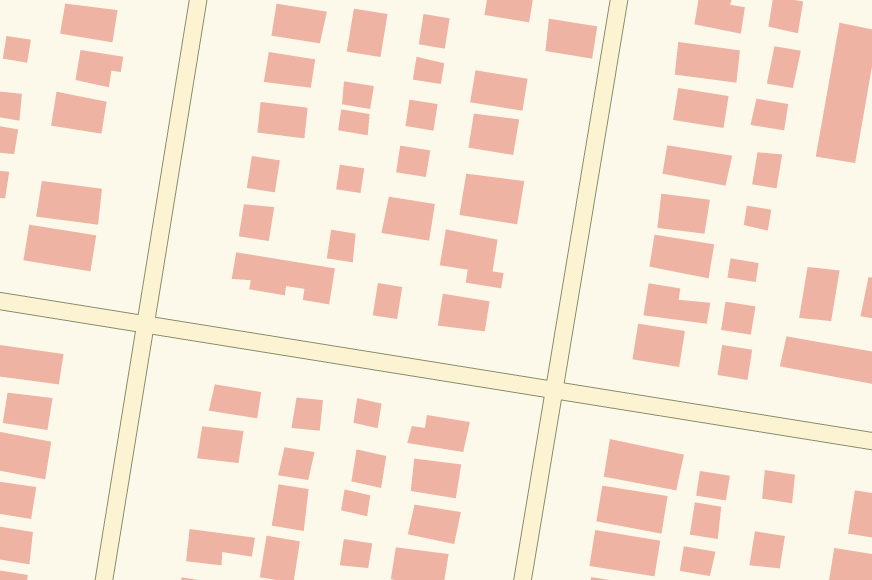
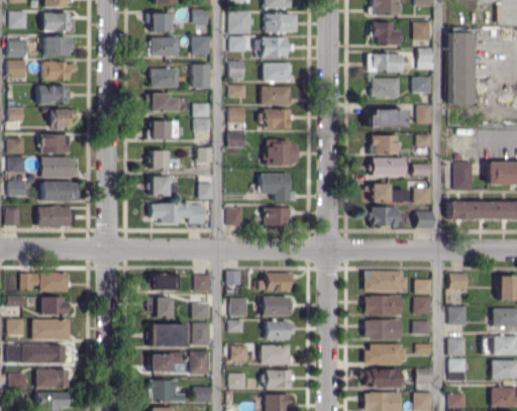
building: [545,18,598,59] -> [263,63,290,81]
building: none -> [41,157,76,178]
building: [381,196,436,241] -> none
building: none -> [149,324,187,347]

